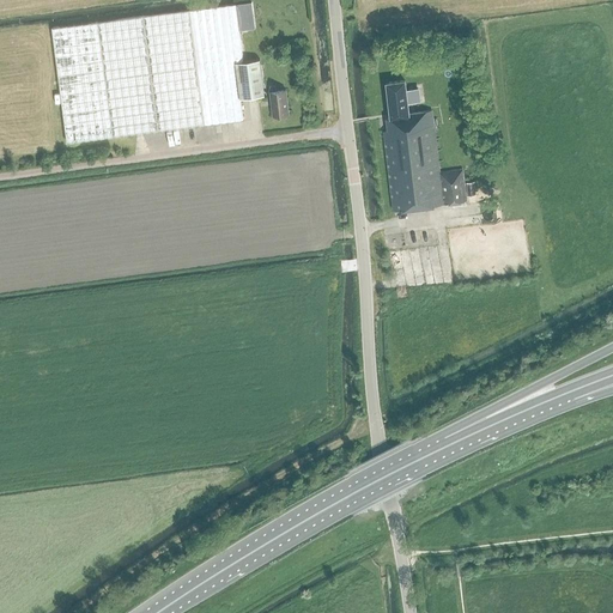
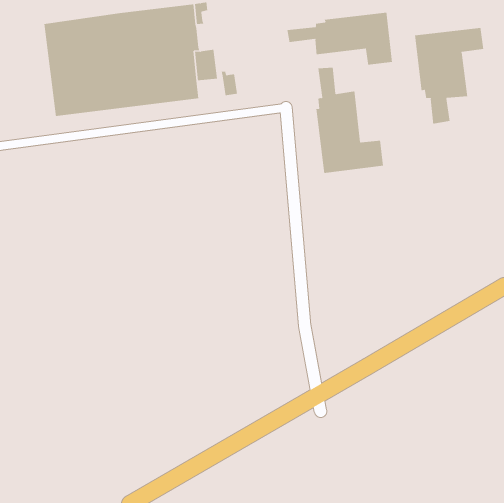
building: none -> [287,12,392,66]
building: none -> [414,27,484,125]

